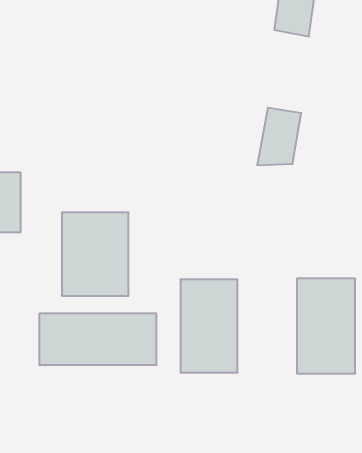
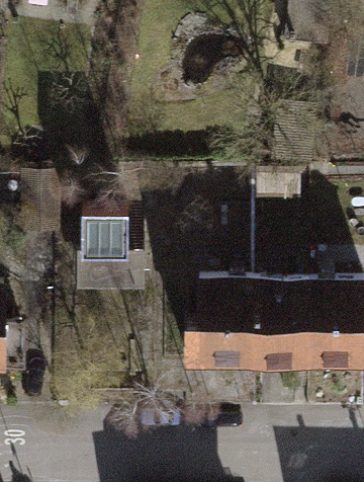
building: none -> [244,277,299,367]
building: [40,313,156,365] -> none

